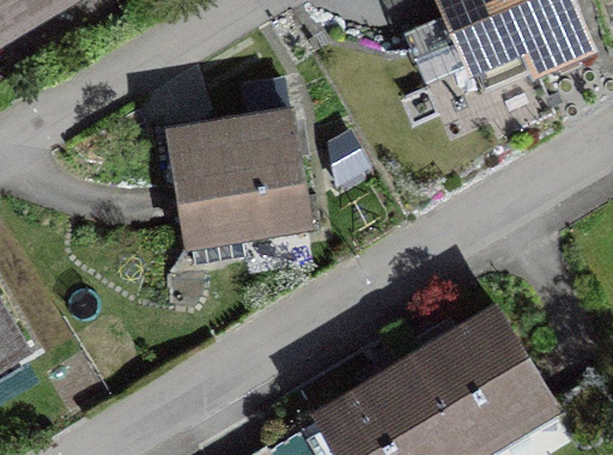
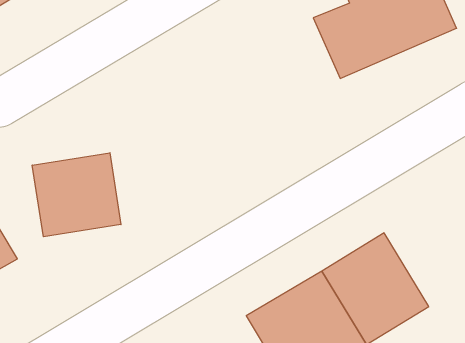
building: [170,114,309,245] -> none
building: none -> [32,153,121,237]

